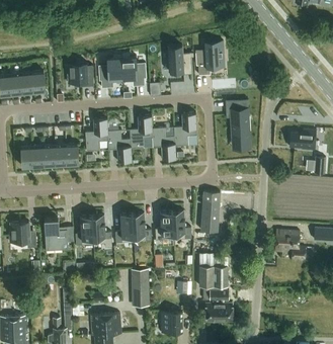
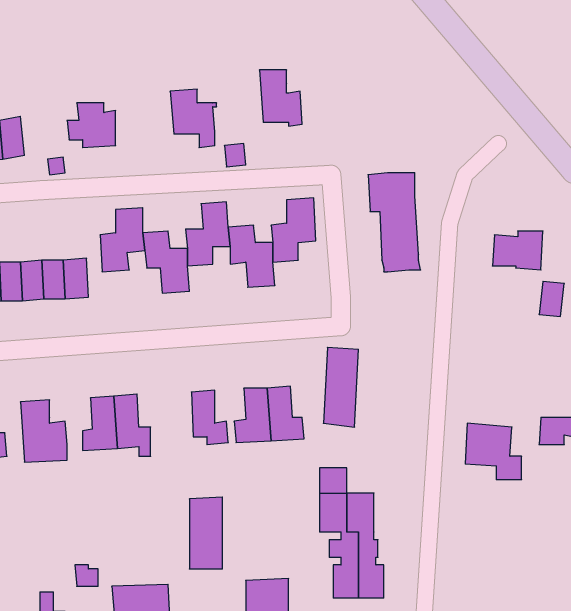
building: [195,41,225,75] -> none
building: [98,58,123,89] -> none
building: [115,214,134,243] -> none

